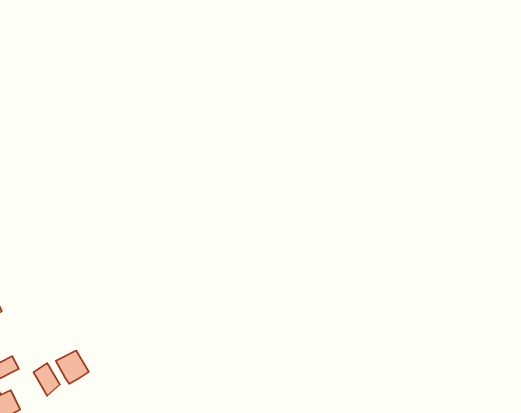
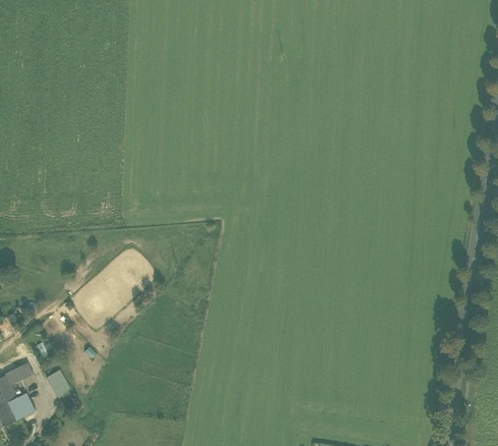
building: [56,350,89,384] -> none

